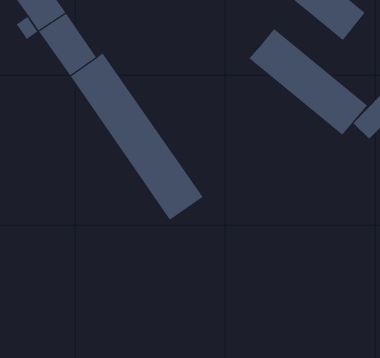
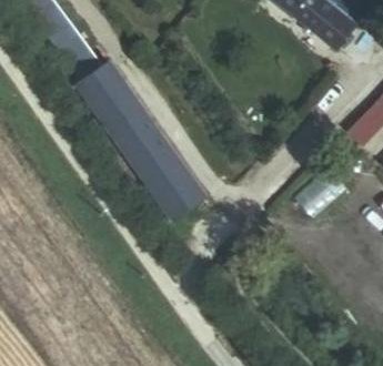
building: [248,28,368,136] -> none

